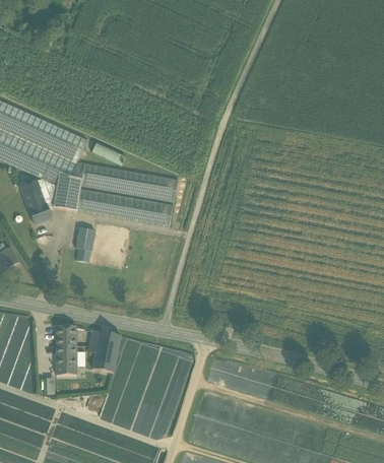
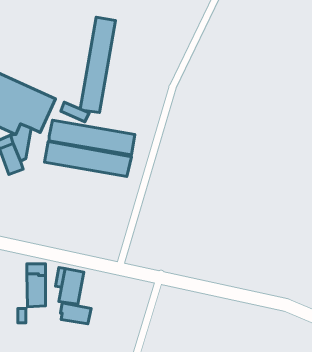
building: none -> [80,17,116,112]
building: [53,171,79,209] -> none
building: [74,225,93,260] -> none
building: none -> [60,303,91,324]

